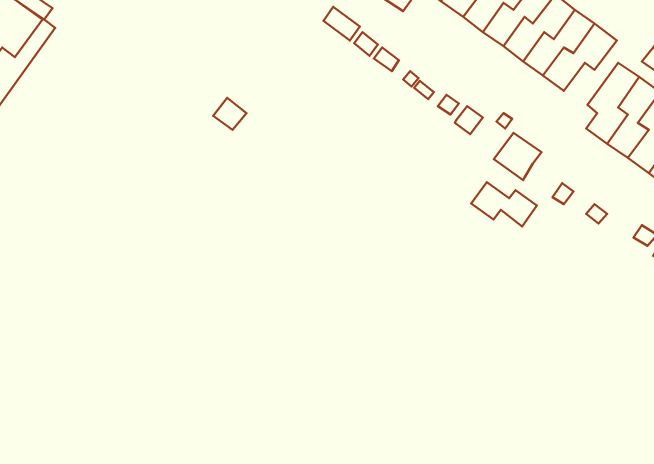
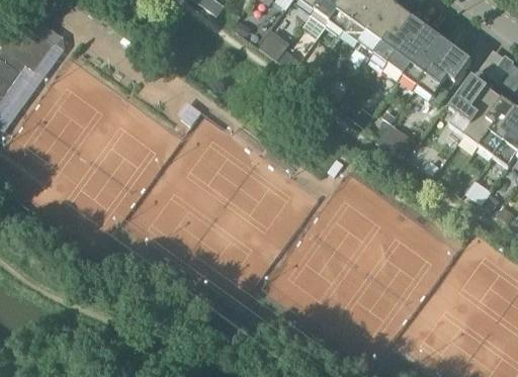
building: [471,182,537,226] -> none

